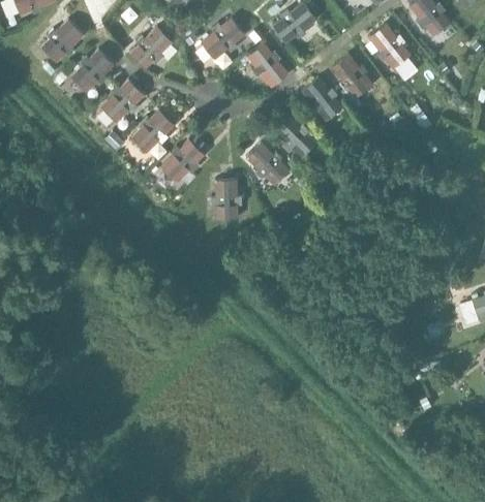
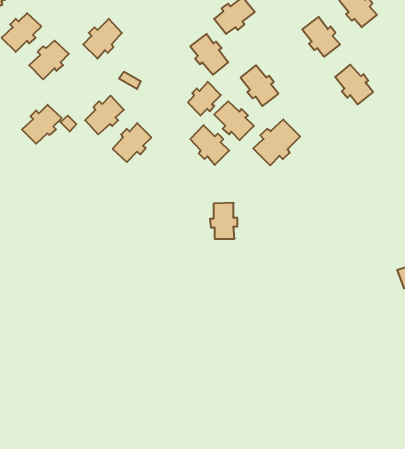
building: [201,18,245,59] -> none
building: [331,54,372,97] -> [335,65,373,104]
building: [100,80,144,122] -> [22,105,62,144]
building: none -> [188,82,221,116]
building: none -> [253,119,300,165]
building: [211,179,241,218] -> [210,203,237,239]

